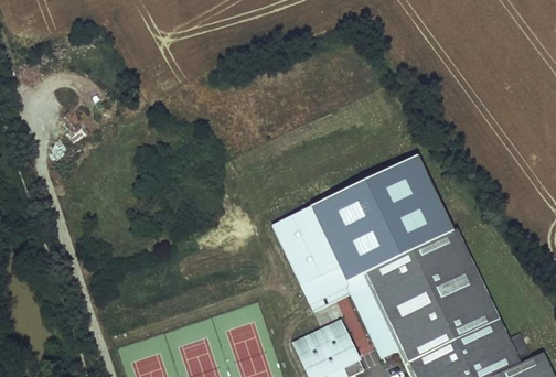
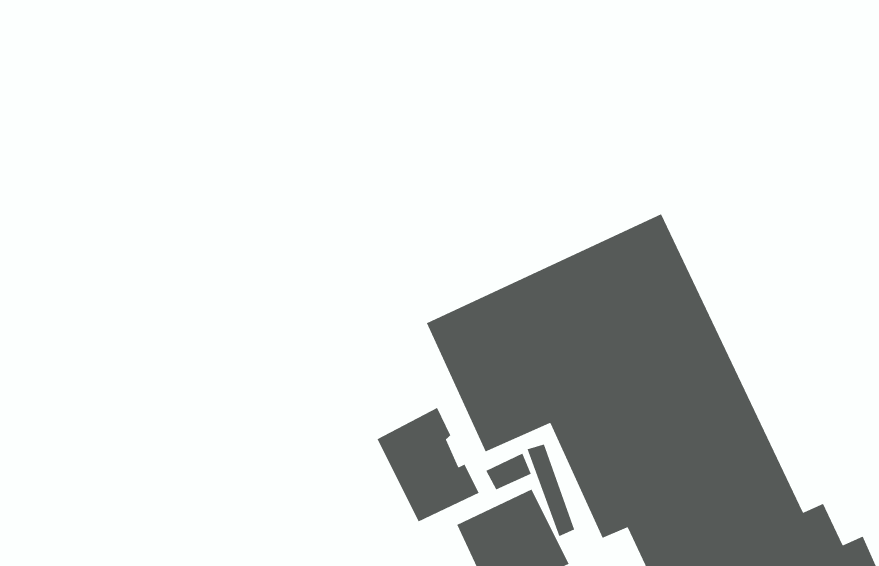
building: none -> [377,407,480,522]

